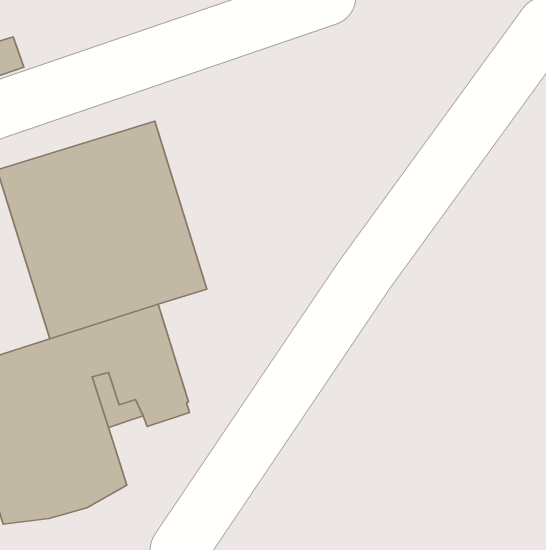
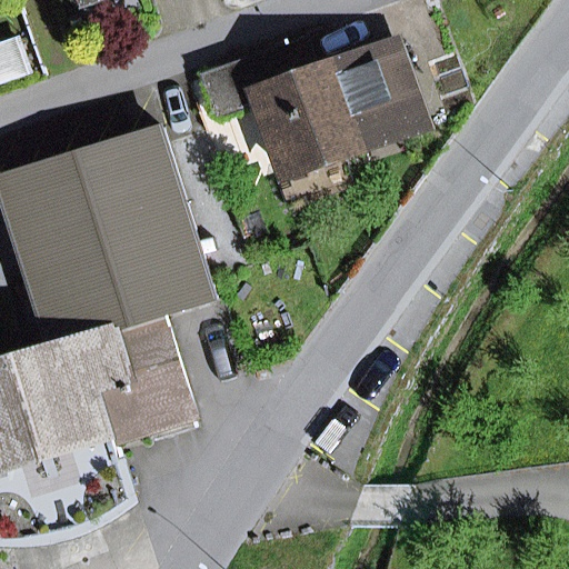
building: none -> [202,38,420,173]

